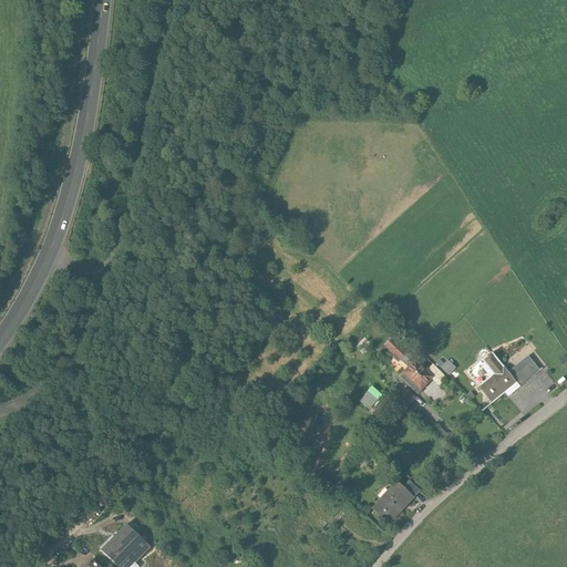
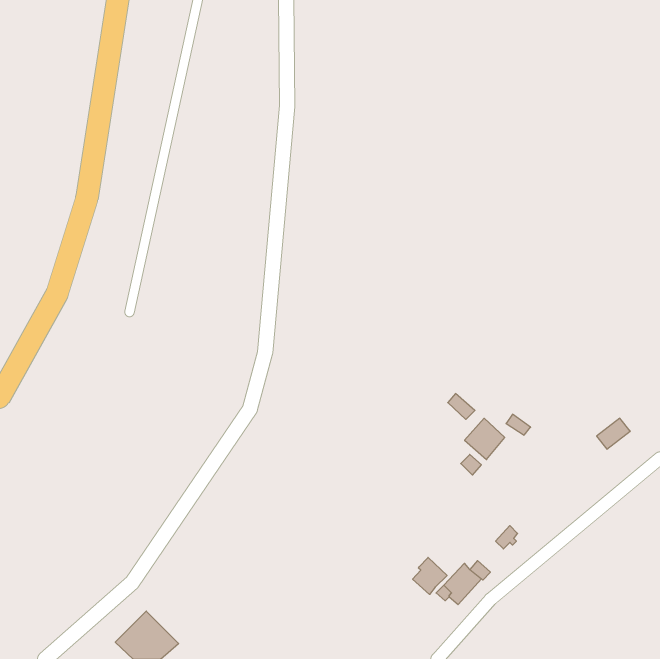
building: [478,351,516,403] -> none
building: none -> [413,557,447,594]

